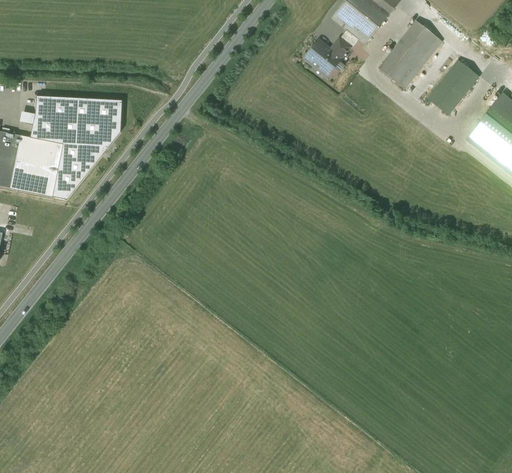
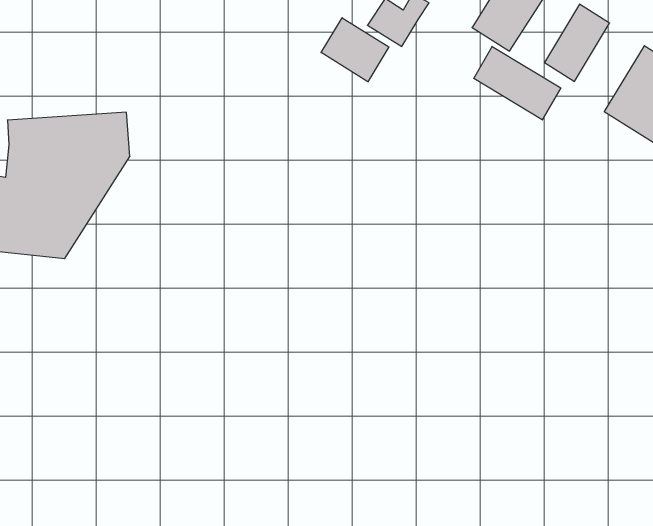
building: none -> [321,18,389,82]
building: none -> [474,46,561,120]

